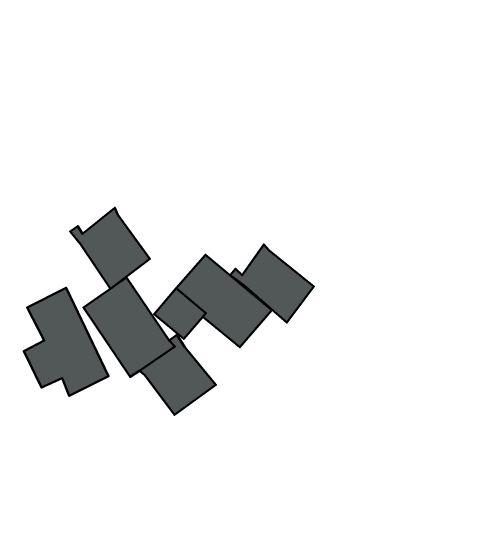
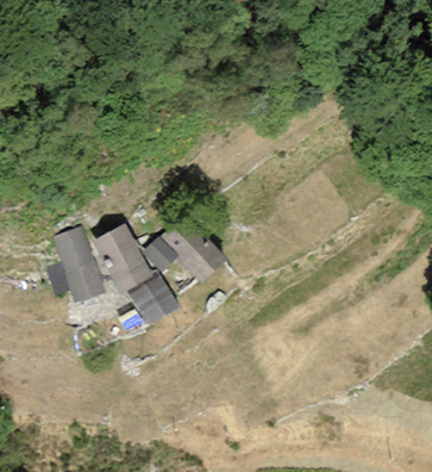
building: [70,208,150,289] -> none
building: [230,244,314,322] -> none

